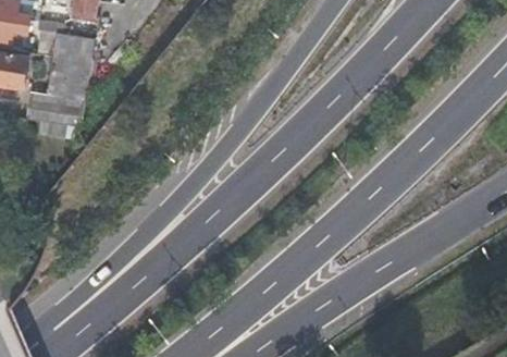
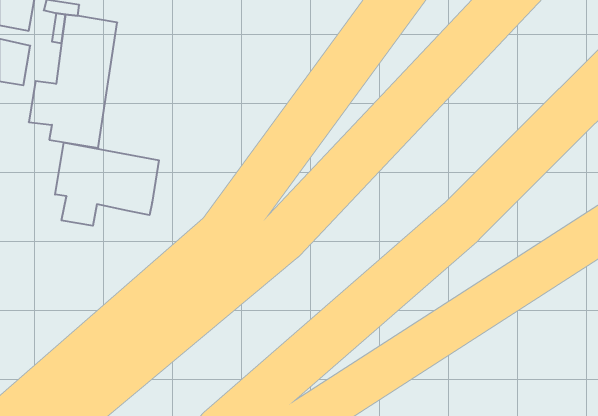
building: none -> [55,143,159,226]

